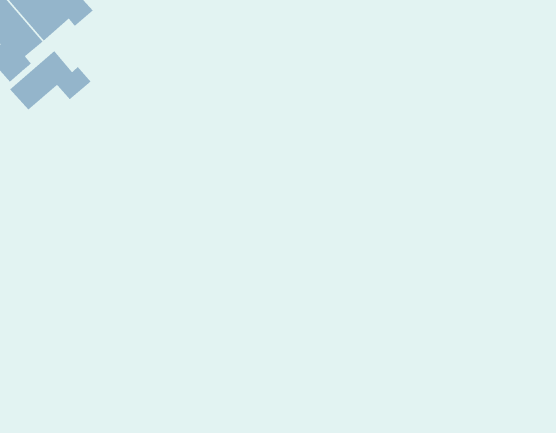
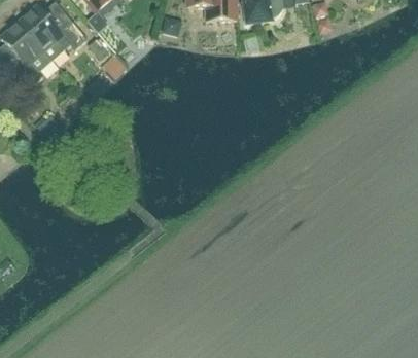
building: [9,50,92,111] -> none

